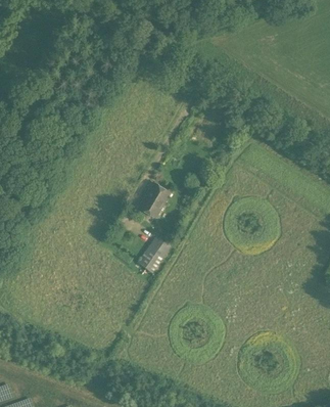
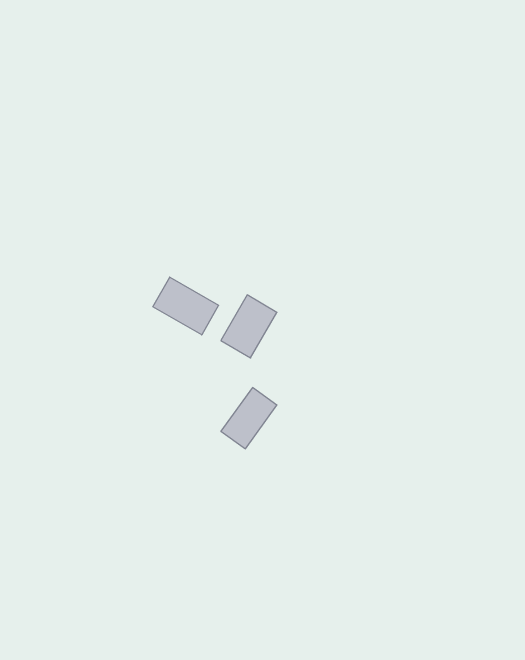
building: none -> [153,277,219,335]

